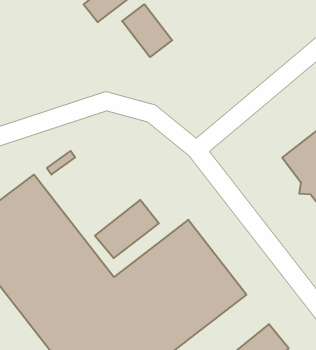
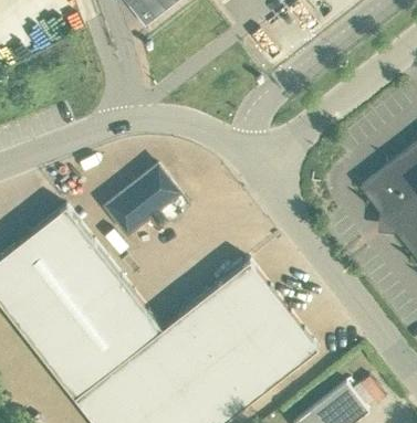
building: [122,4,172,57] -> none
building: [95,200,159,258] -> [105,166,180,234]

